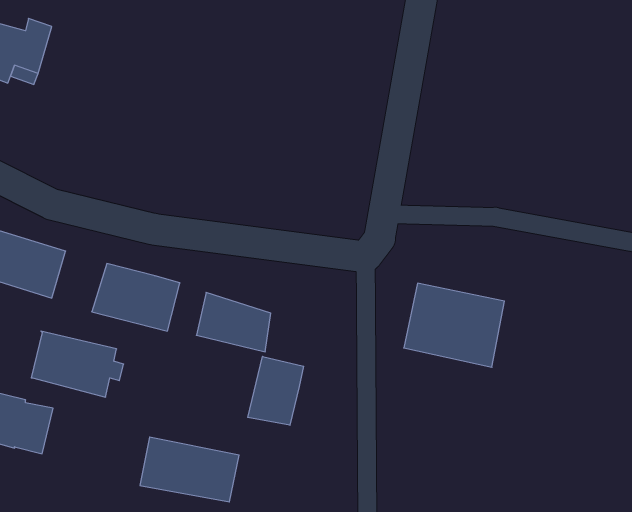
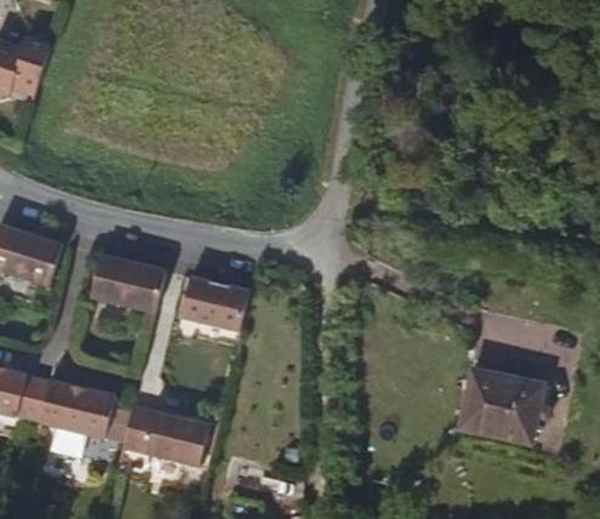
building: [404,283,504,367] -> [462,358,550,432]
building: [31,331,124,397] -> [40,381,121,439]
building: [248,356,304,425] -> none

